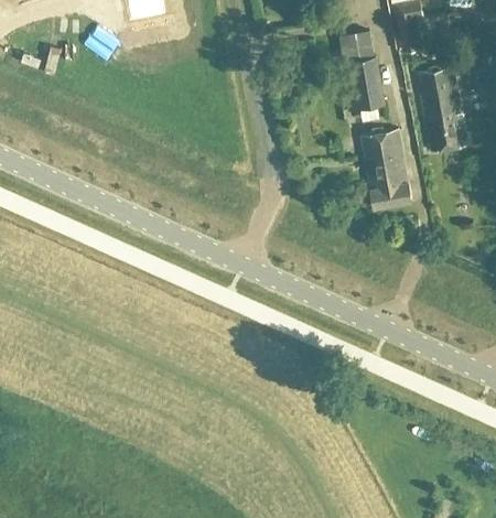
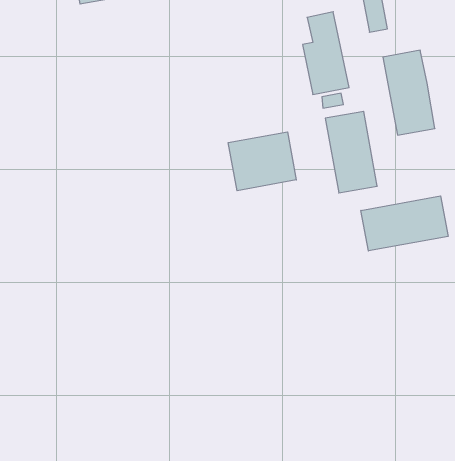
building: none -> [228,132,296,191]
building: none -> [361,196,448,251]

